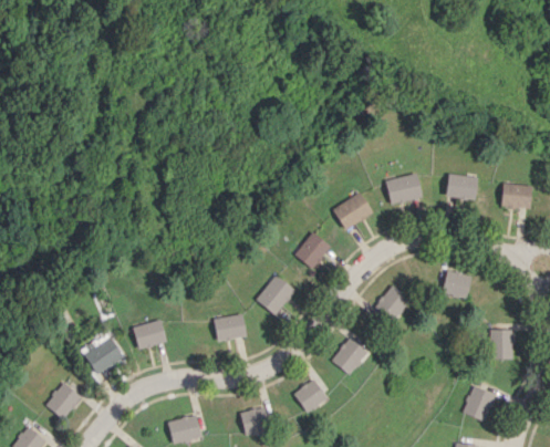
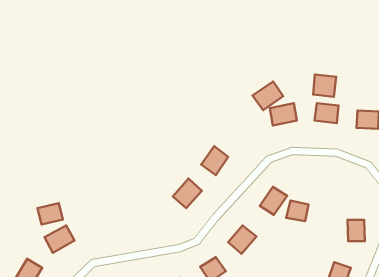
building: none -> [313,74,336,97]
building: [333,191,374,230] -> [253,81,283,110]
building: [442,270,471,298] -> [286,201,309,221]
building: [214,313,248,342] -> none
building: [134,320,168,349] -> [37,203,63,225]

